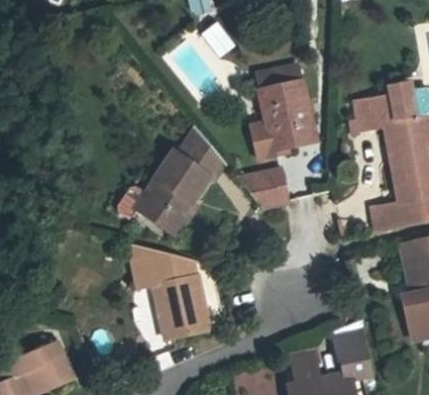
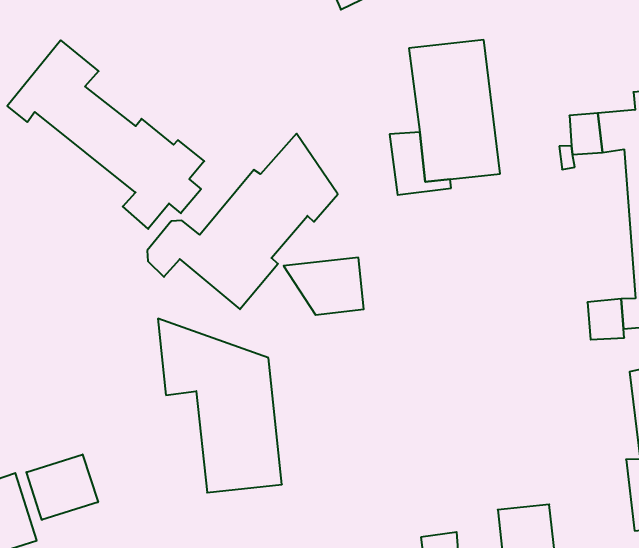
building: none -> [7,40,204,229]
building: [238,172,287,207] -> [284,258,364,315]
building: none -> [26,454,98,520]

